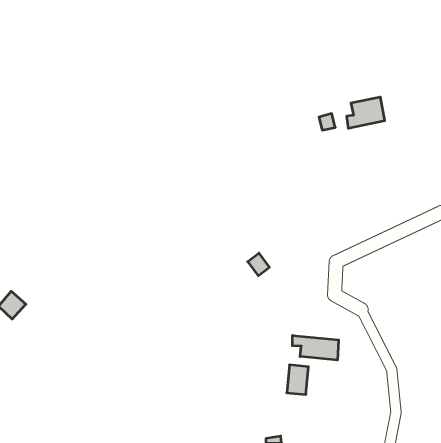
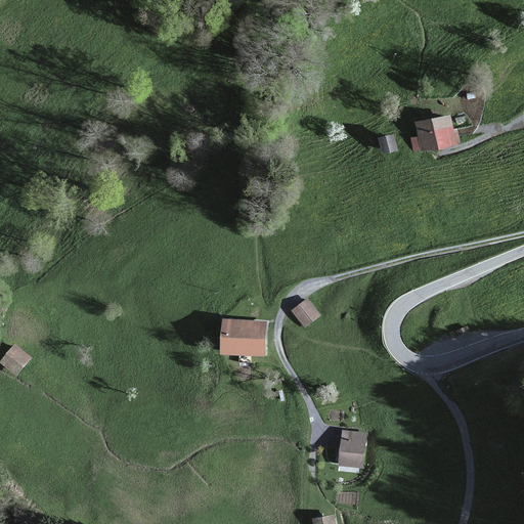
building: none -> [222,319,265,353]
building: [292,335,339,360] -> none

